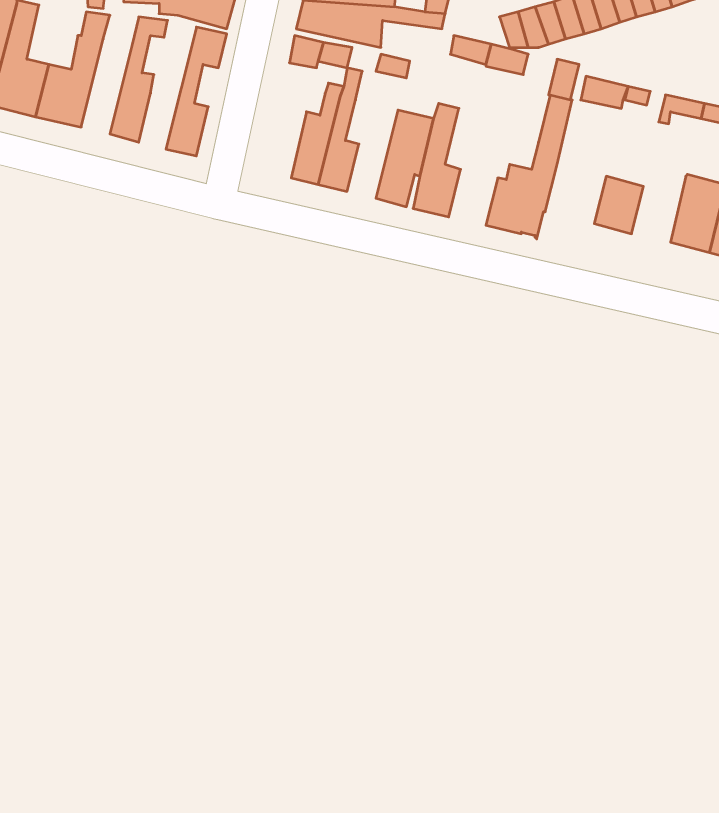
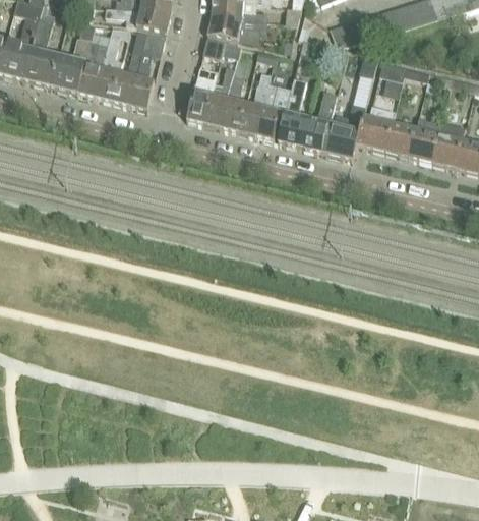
building: none -> [113,28,147,105]
building: none -> [78,39,109,96]
building: none -> [187,65,217,122]
building: none -> [238,71,271,134]
building: none -> [299,90,336,151]
building: none -> [357,104,396,150]
building: none -> [409,115,441,161]

